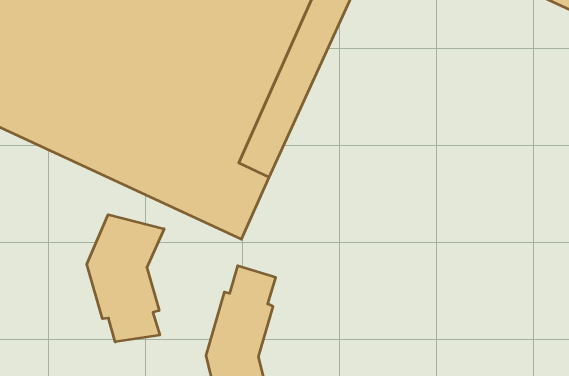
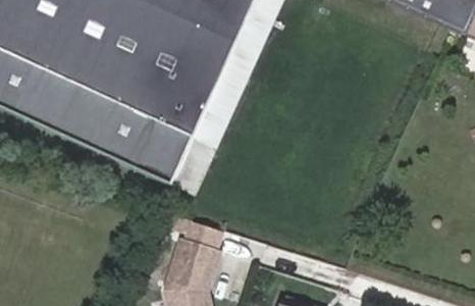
building: [87,215,164,342] -> none

